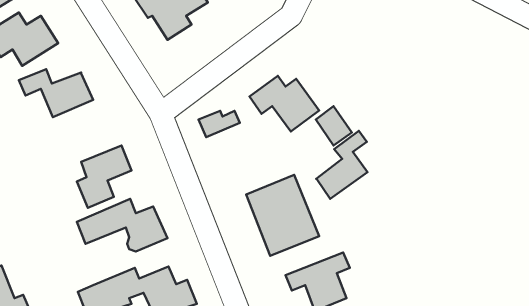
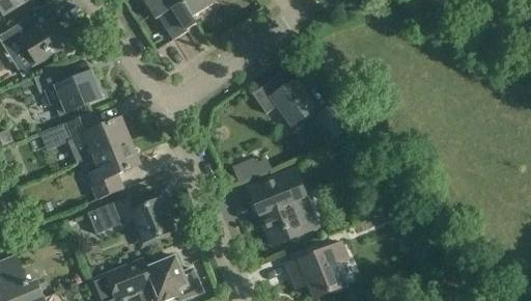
building: [198,111,240,137] -> [232,158,272,183]
building: none -> [38,113,130,157]
building: [316,131,367,199] -> none

